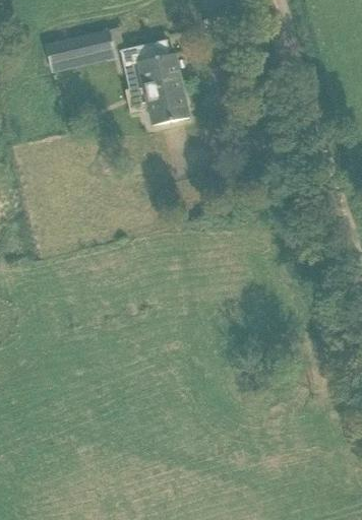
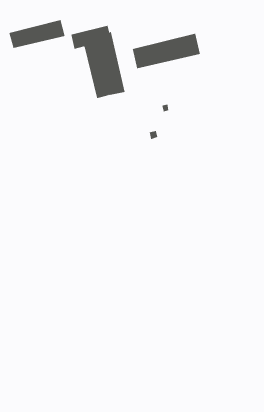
building: none -> [132,33,201,69]

